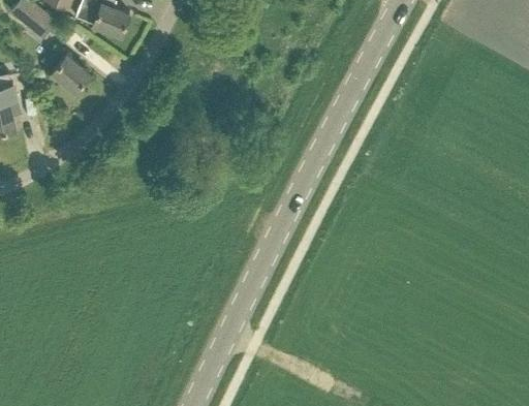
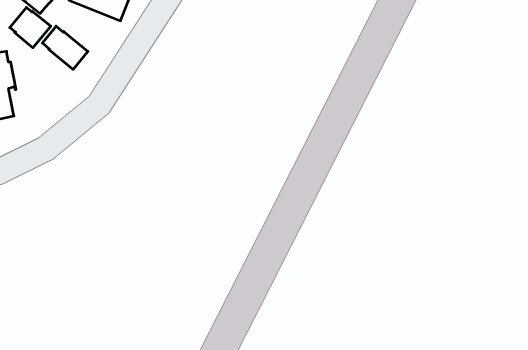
building: none -> [10,7,51,48]

